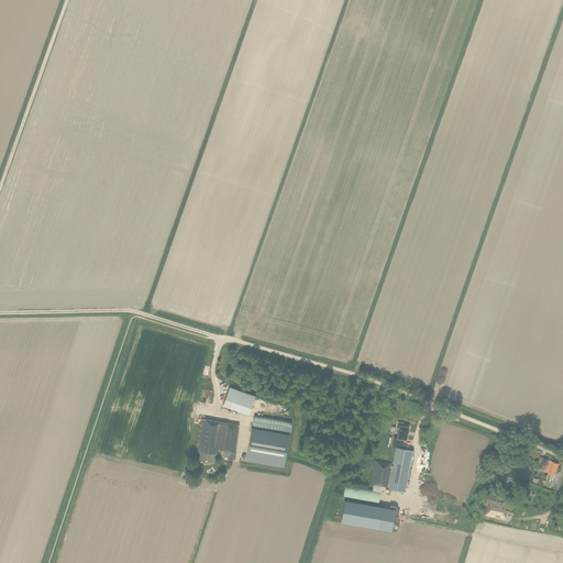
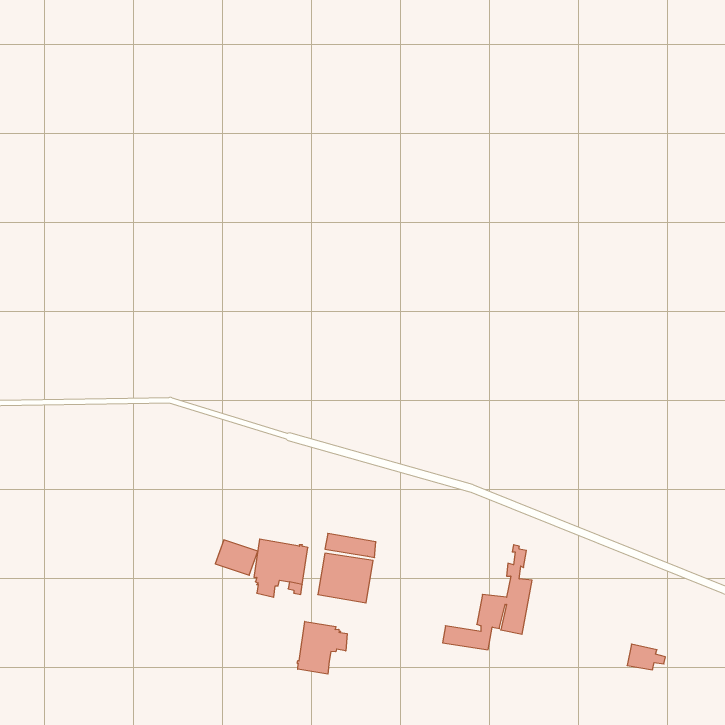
building: [222,387,255,415] -> [215,540,258,575]
building: none -> [297,621,347,674]
building: [341,500,395,531] -> none

